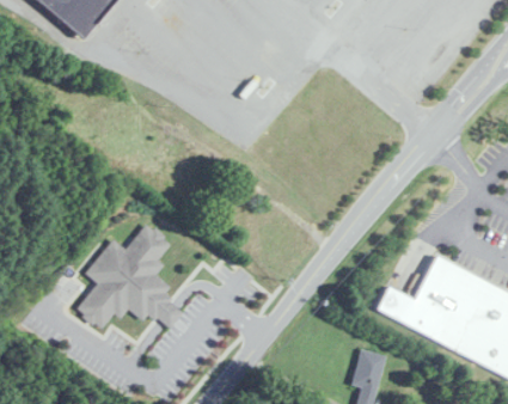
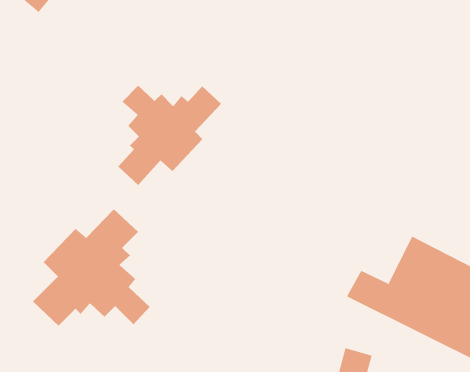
building: none -> [118,85,222,186]

